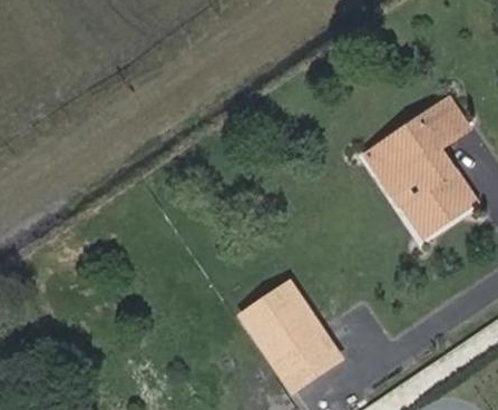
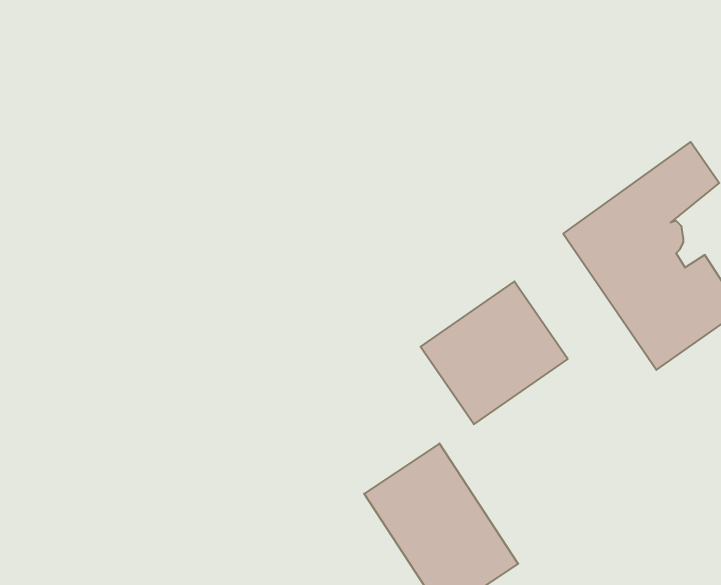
building: none -> [421,281,568,424]

